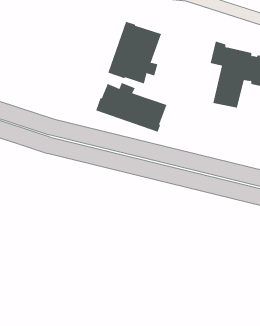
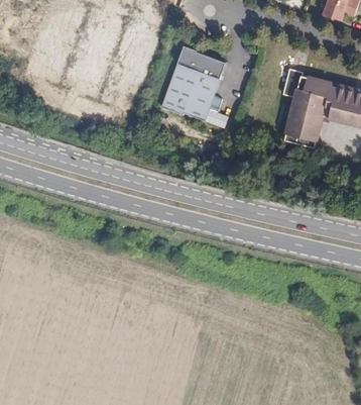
building: [96,82,167,133] -> none

